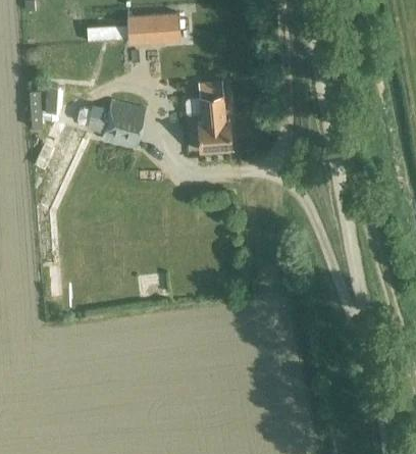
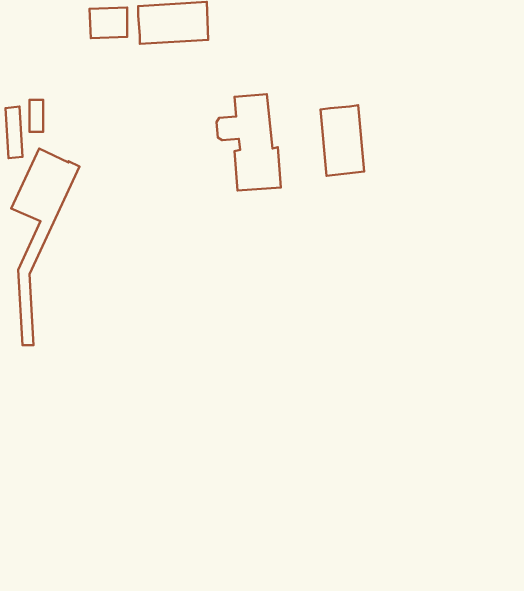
building: none -> [320,105,364,176]
building: [79,101,146,147] -> none

